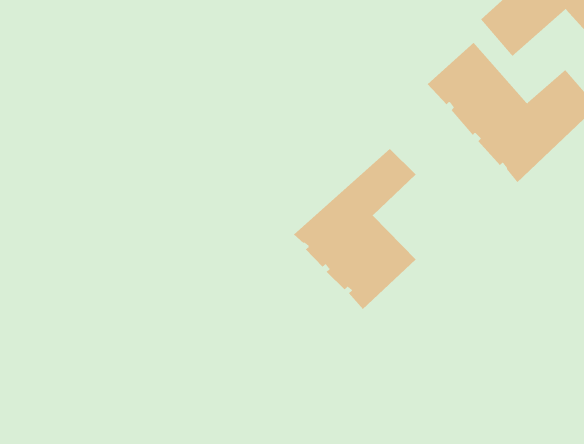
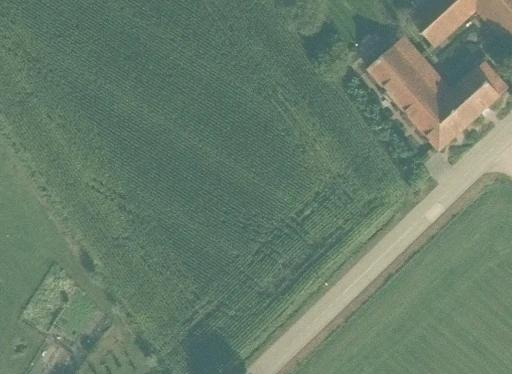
building: [293,148,417,310] -> none

